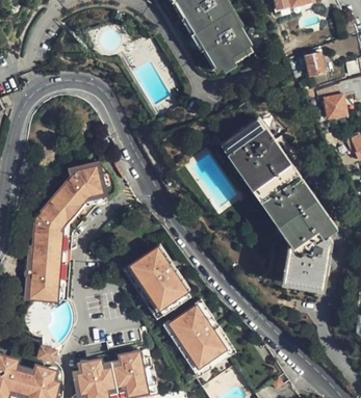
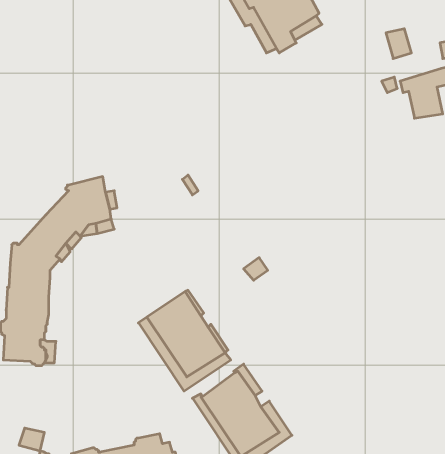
building: [226,116,330,283] -> none

